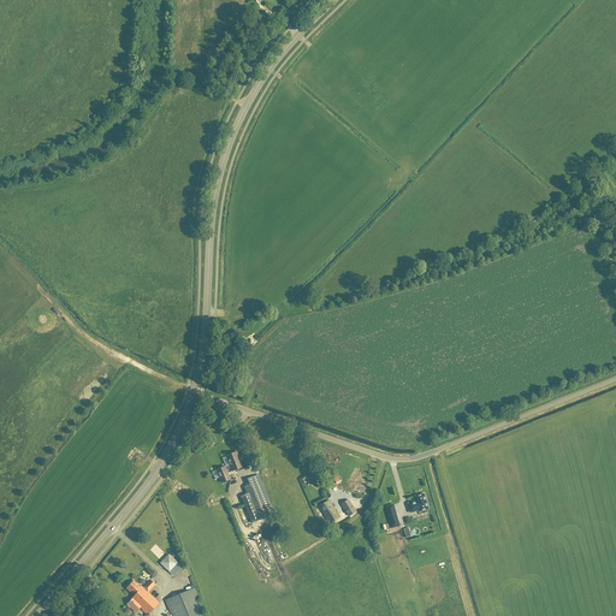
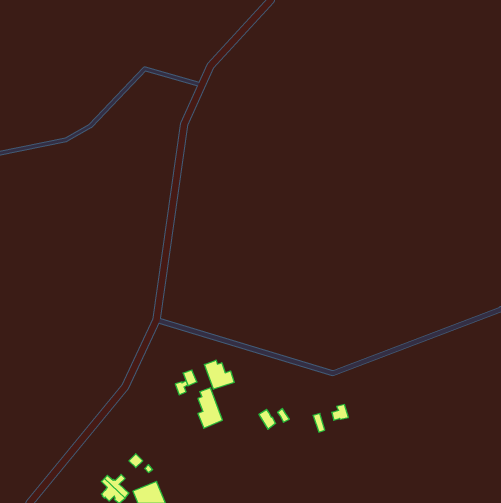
building: none -> [204,360,234,389]

